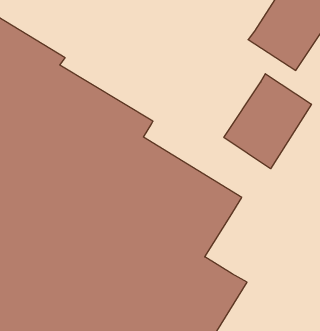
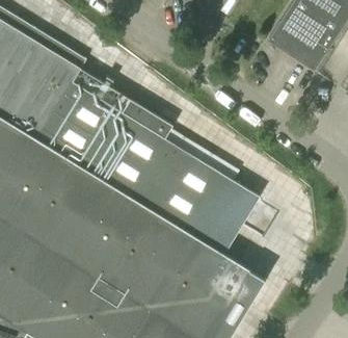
building: [224,74,311,169] -> none

